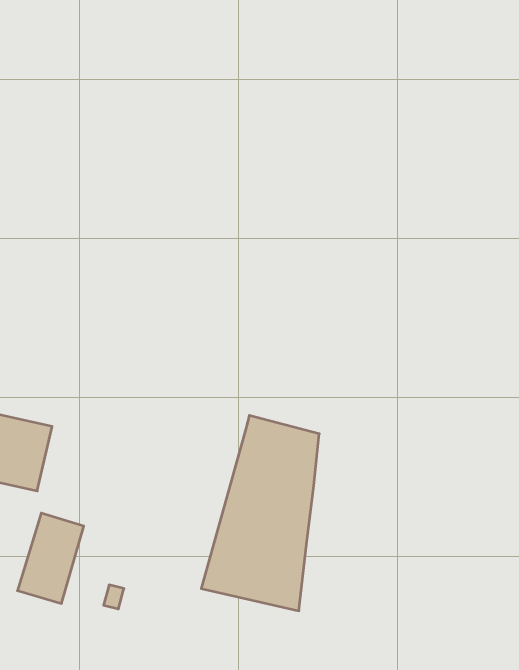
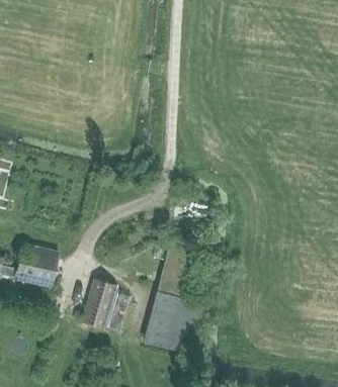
building: [17,513,84,603] -> [82,278,118,327]

